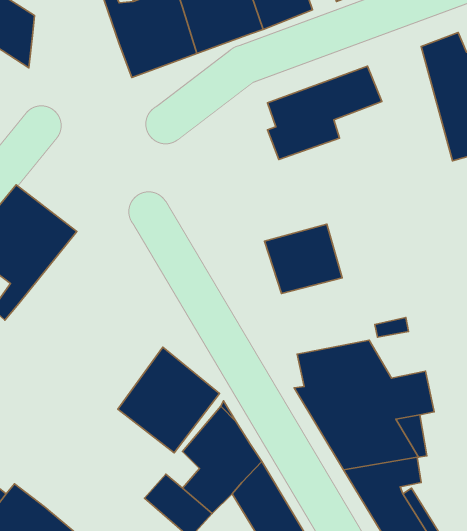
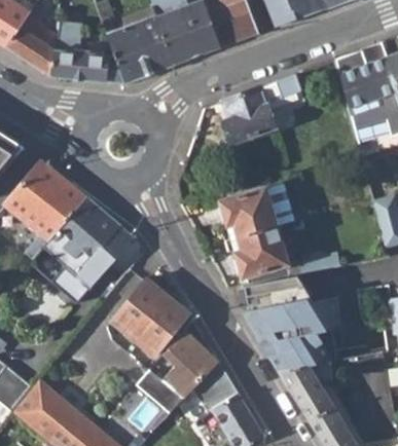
building: none -> [49,49,124,82]
building: none -> [42,194,133,304]
building: none -> [233,228,287,275]

